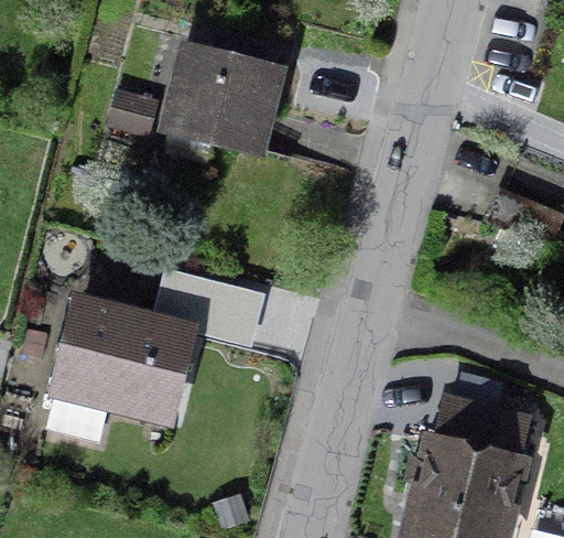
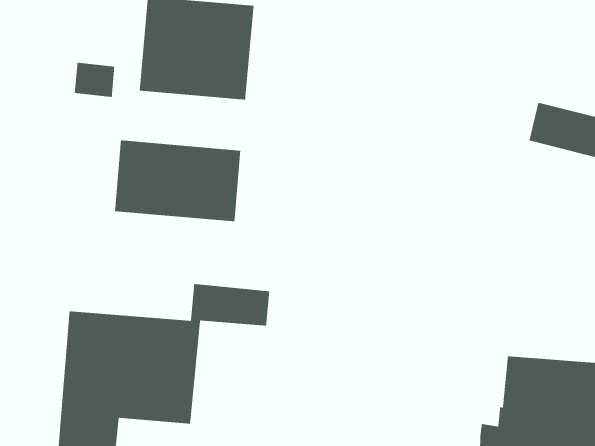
building: none -> [114,140,241,222]

